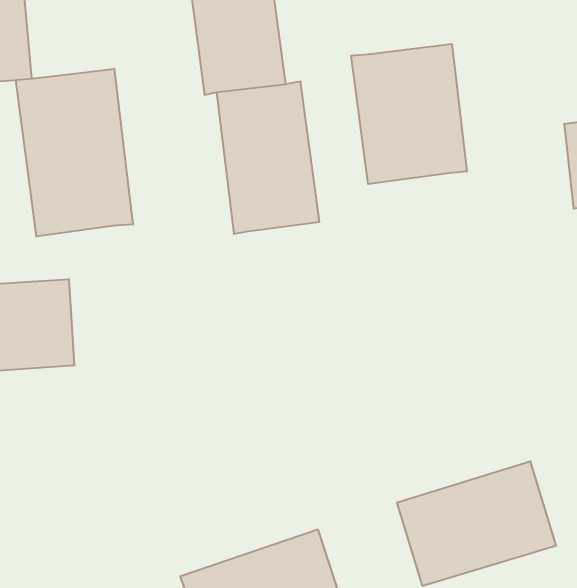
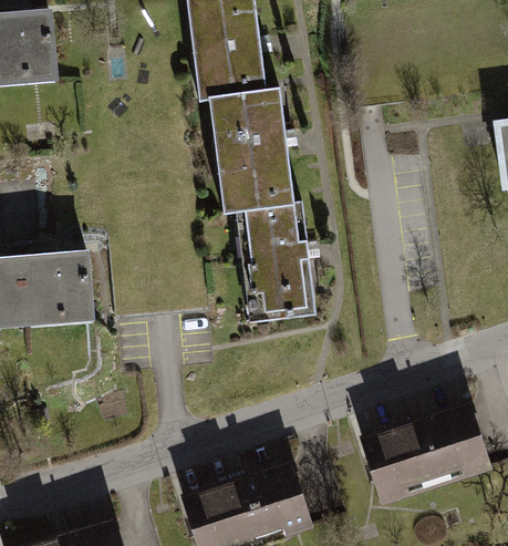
building: [351,44,467,184] -> none
building: [16,69,133,237] -> none
building: none -> [236,202,319,322]

